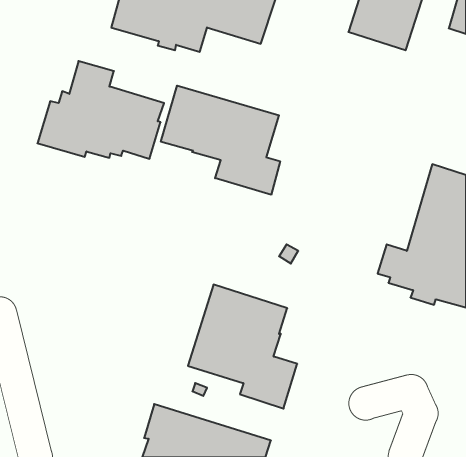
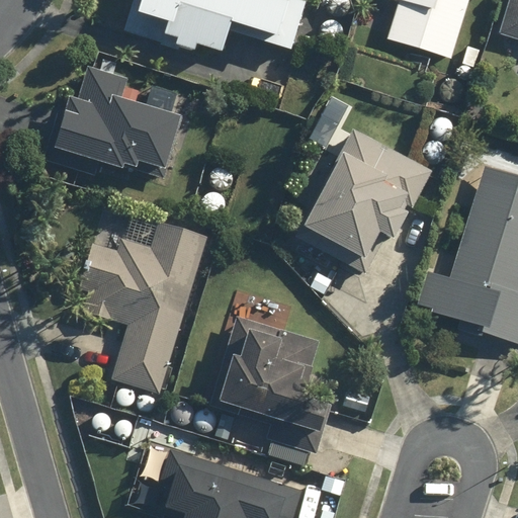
building: [161,86,280,195] -> none
building: none -> [295,130,432,275]
building: none -> [78,220,205,392]

